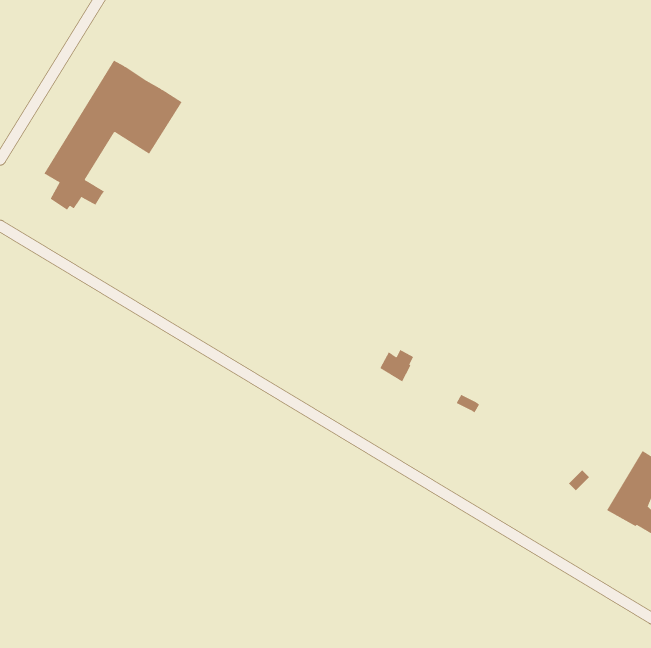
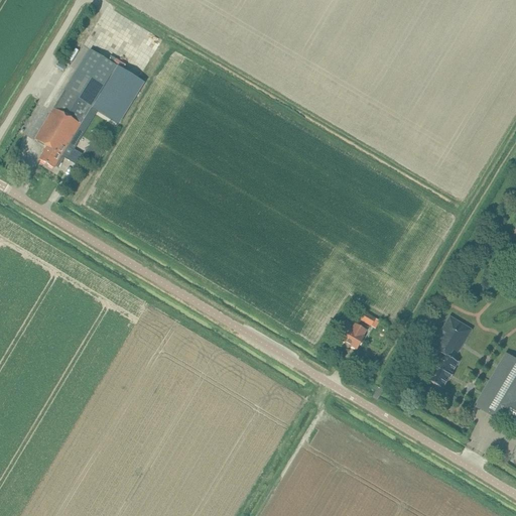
building: [379,349,414,382] -> [340,321,367,348]
building: none -> [428,315,472,387]

